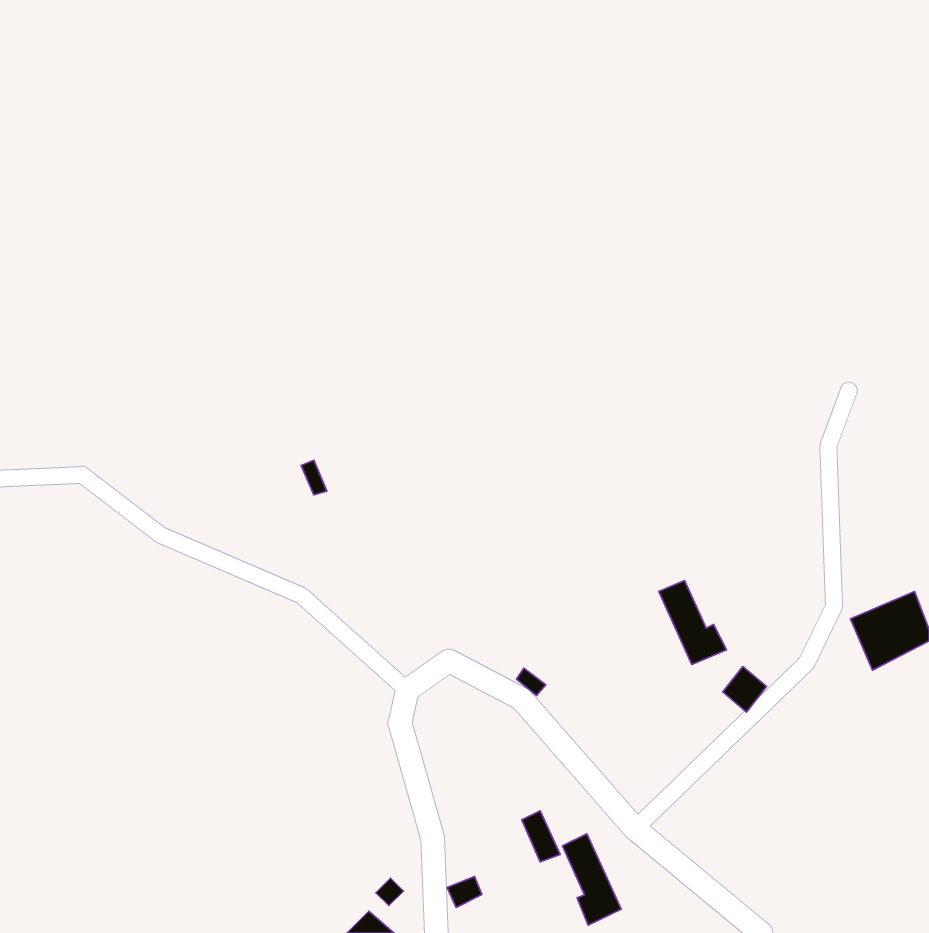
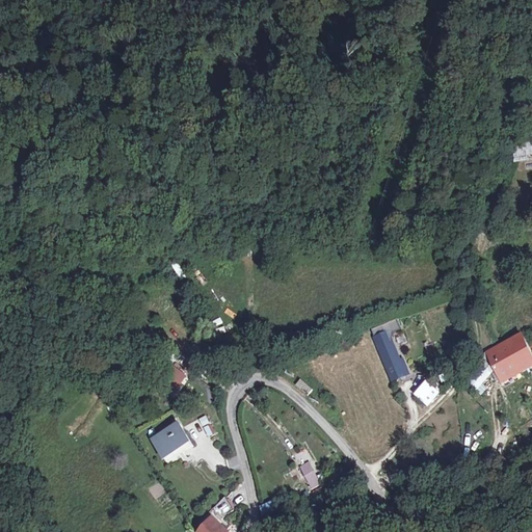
building: none -> [151,421,190,459]
building: [562,834,621,925] -> none

